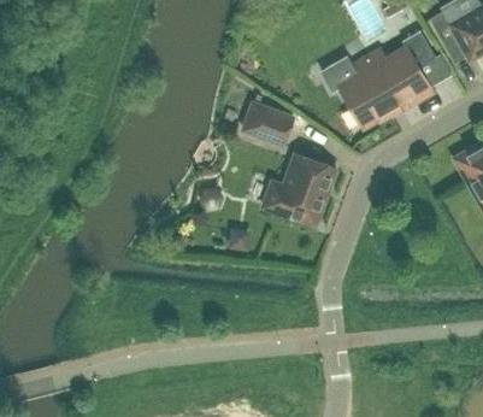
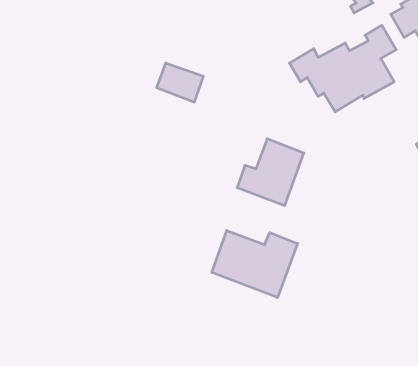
building: [242,102,293,145] -> [157,63,203,102]
building: none -> [212,230,298,298]

